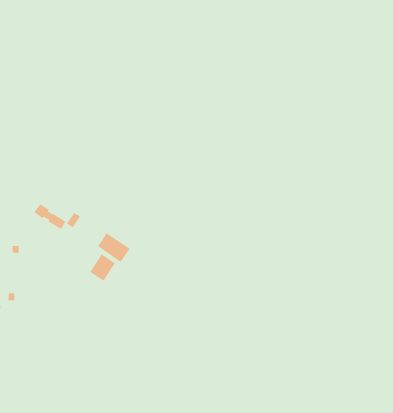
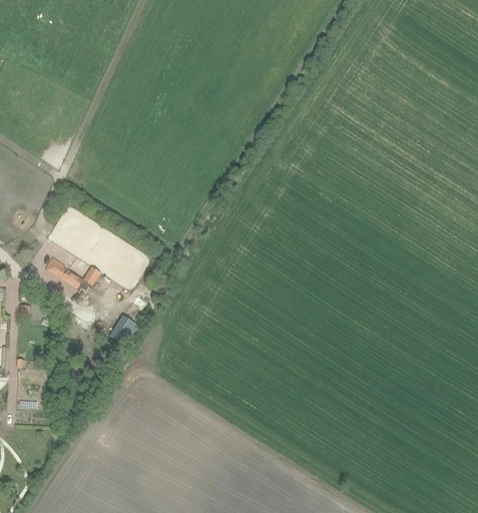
building: [98,233,130,263] -> none

